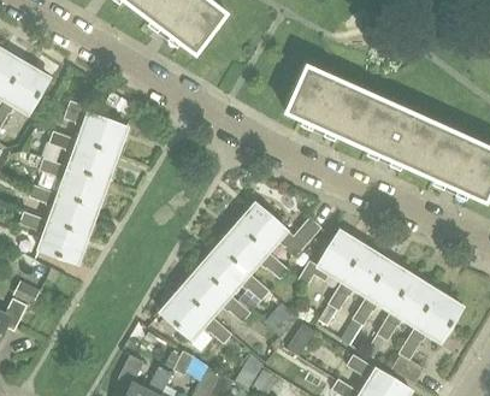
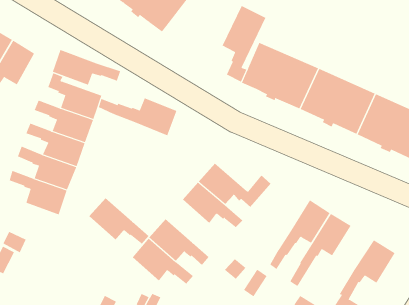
building: none -> [222,5,266,82]
building: none -> [52,49,121,86]
building: none -> [98,97,177,136]
building: [297,231,364,285] -> none
building: [199,246,268,300] -> [89,197,150,245]
building: [365,276,437,359] -> none

